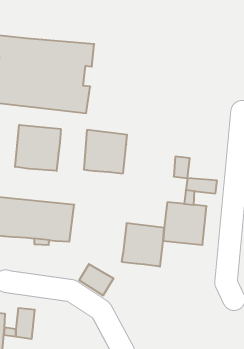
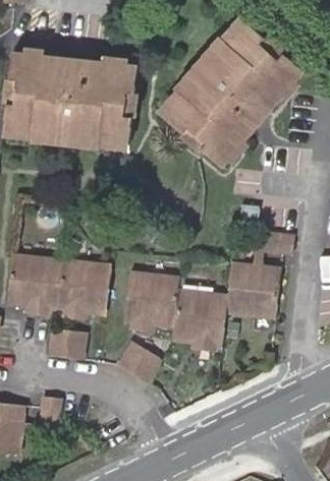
building: none -> [156,16,304,168]
building: [15,125,61,171] -> none
building: [84,130,127,173] -> [124,272,179,326]
building: none -> [48,329,88,358]

